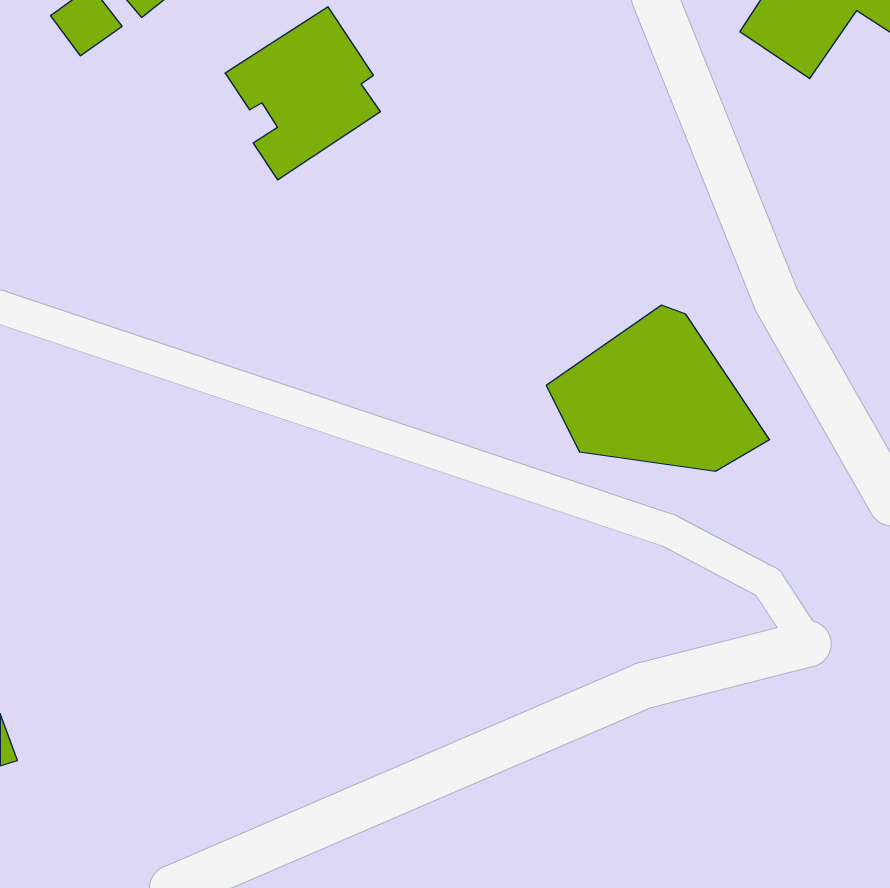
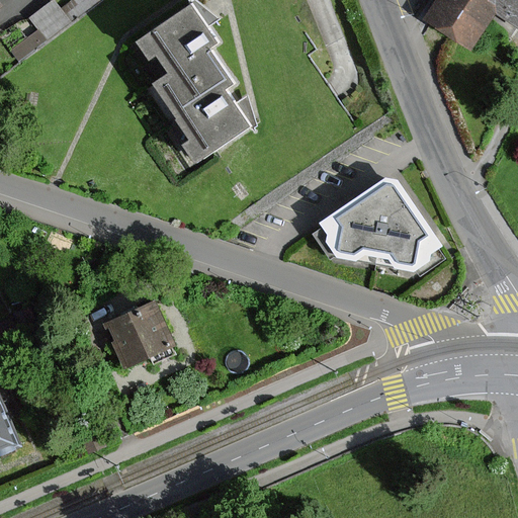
building: none -> [162,65,250,167]
building: none -> [106,299,175,364]

